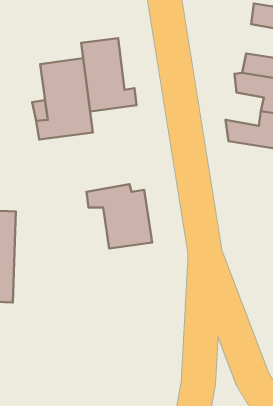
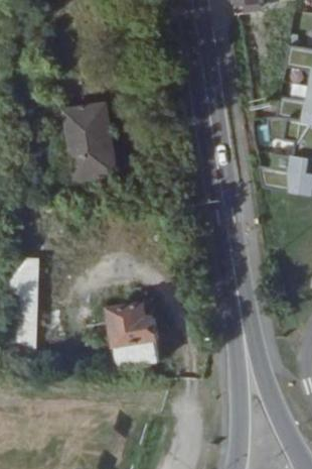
building: [81,38,136,112] -> none
building: [87,184,152,248] -> [91,306,158,372]

